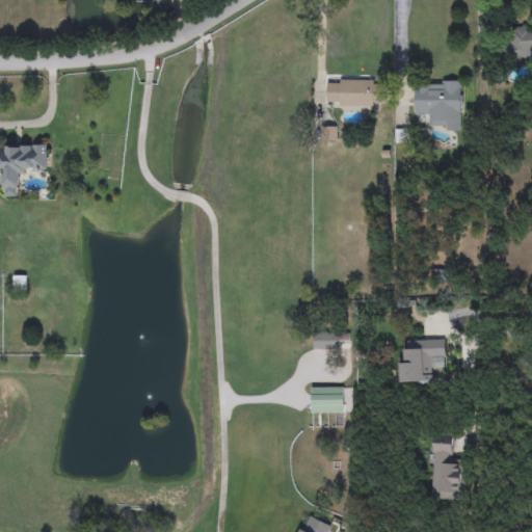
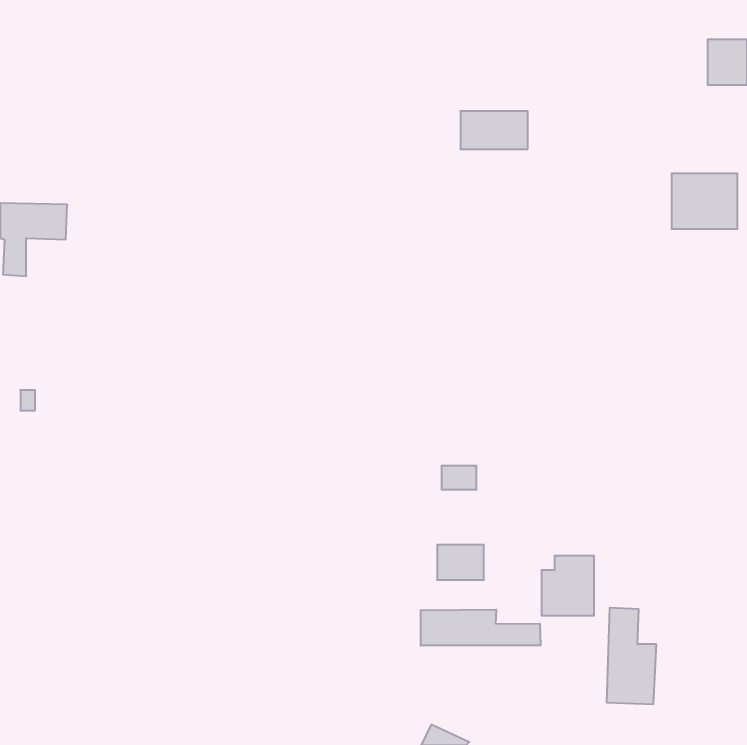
building: [415,81,461,121] -> [672,173,737,229]
building: [399,340,436,382] -> [541,556,594,616]
building: none -> [421,610,540,646]

